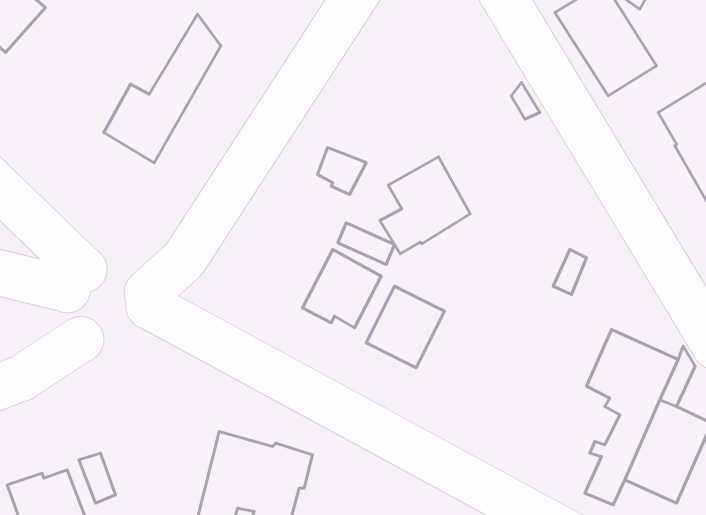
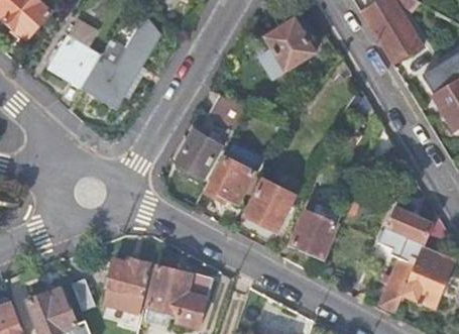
building: none -> [50,21,104,87]
building: [380,157,470,254] -> [259,20,314,79]
building: none -> [177,132,221,178]
building: none -> [291,207,340,256]
building: none -> [106,261,152,298]

